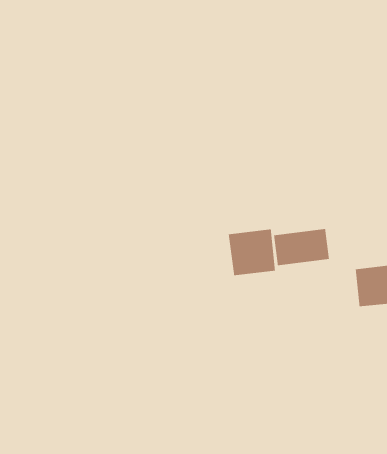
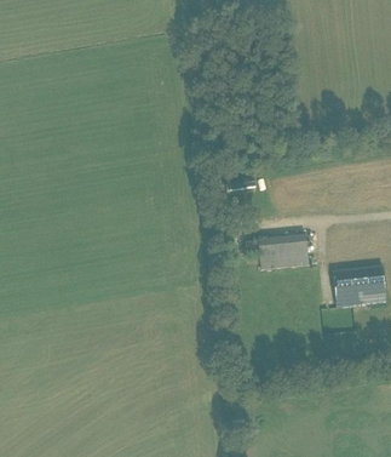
building: [228,228,276,276] -> none

